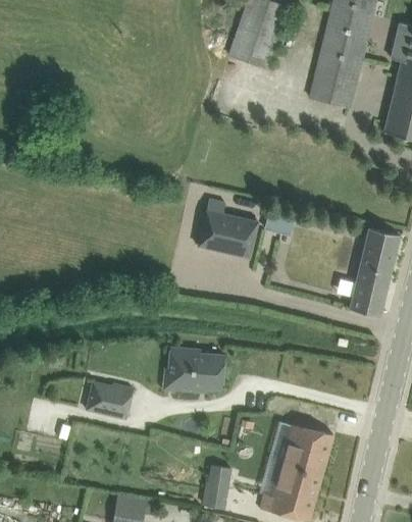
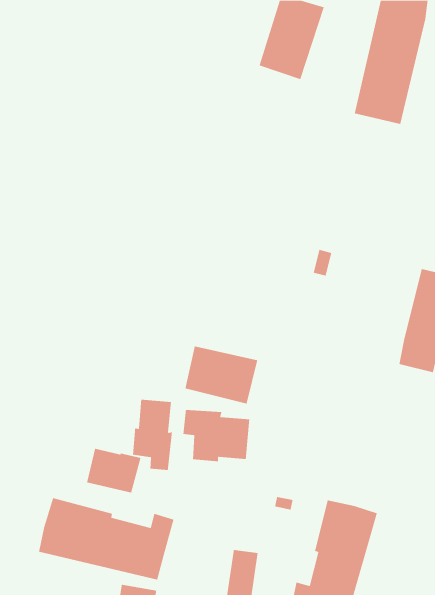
building: [196,209,258,259] -> [184,345,258,405]
building: none -> [132,399,173,471]
building: none -> [38,497,174,580]

